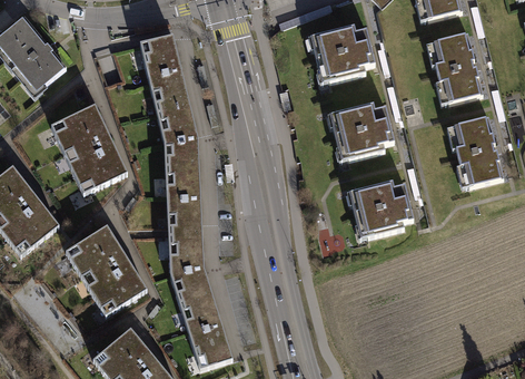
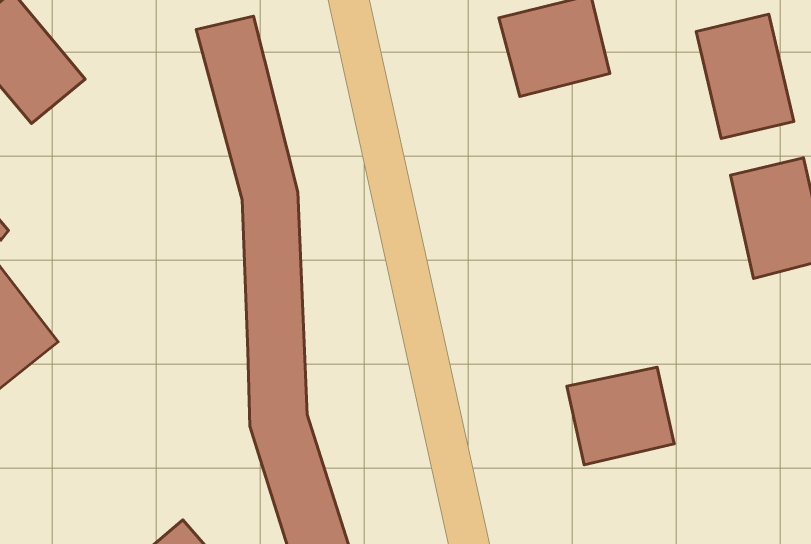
building: [337,99,396,156] -> none
building: [51,108,127,195] -> none
building: [353,177,415,234] -> [567,367,674,465]
building: [66,225,145,312] -> none

